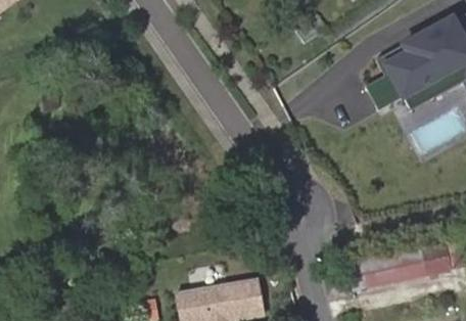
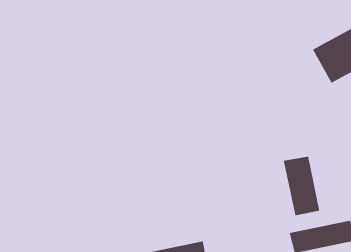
building: none -> [283,156,320,216]

